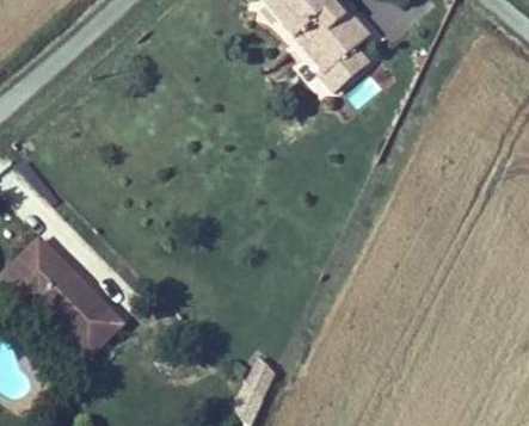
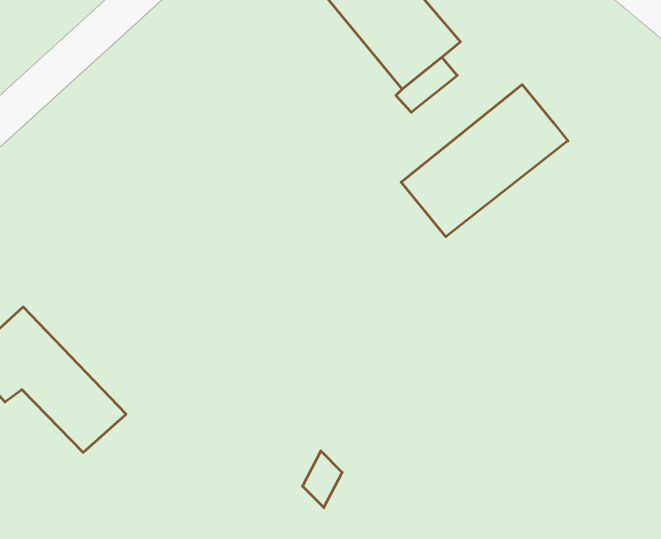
building: none -> [401,85,568,237]

